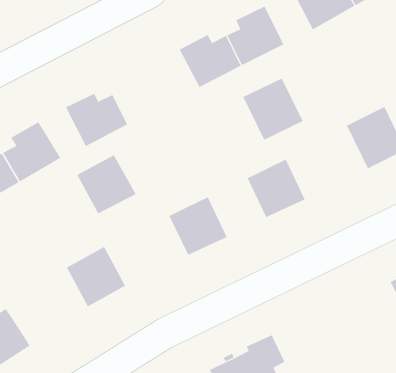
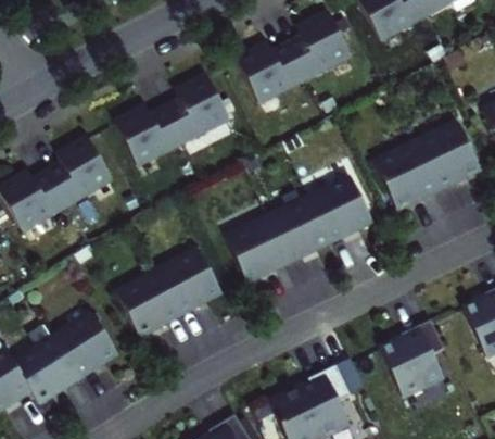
building: none -> [168,77,230,142]
building: [243,78,303,141] -> [376,143,441,211]
building: [77,154,136,214] -> [160,251,224,315]
building: none -> [270,200,332,263]
building: none -> [54,314,118,379]
building: none -> [382,321,447,398]

